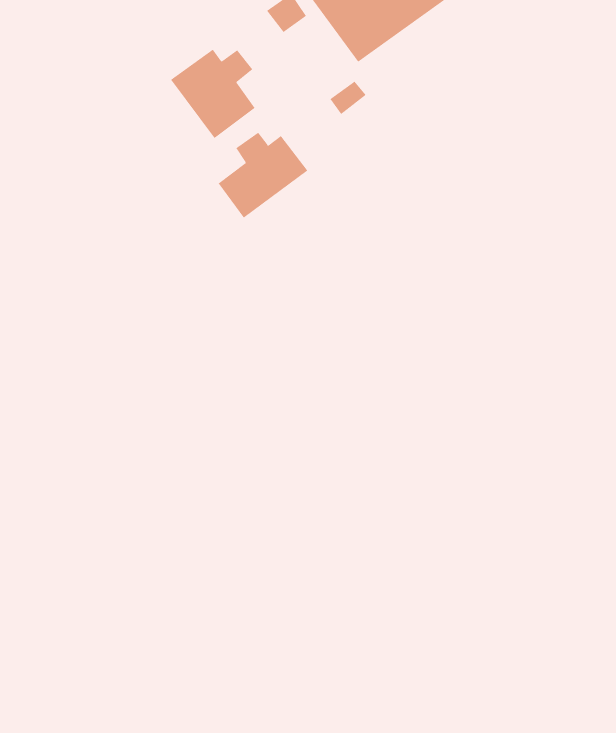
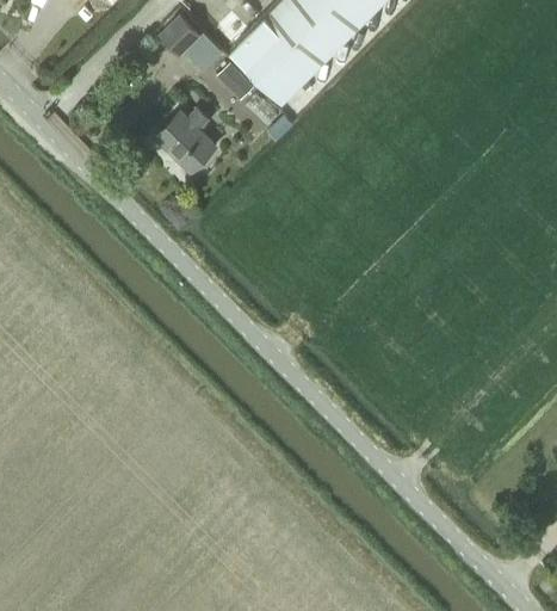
building: [218,132,308,219] -> none

